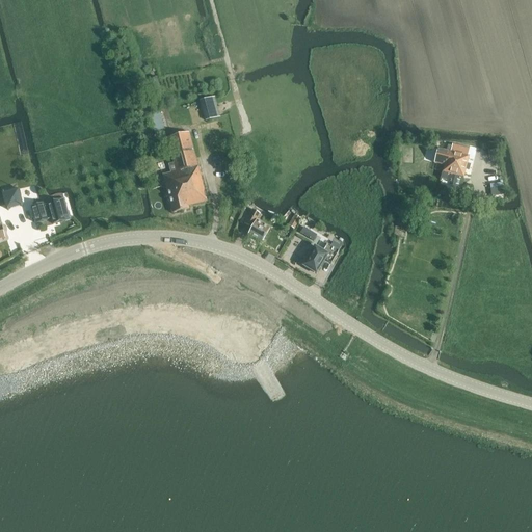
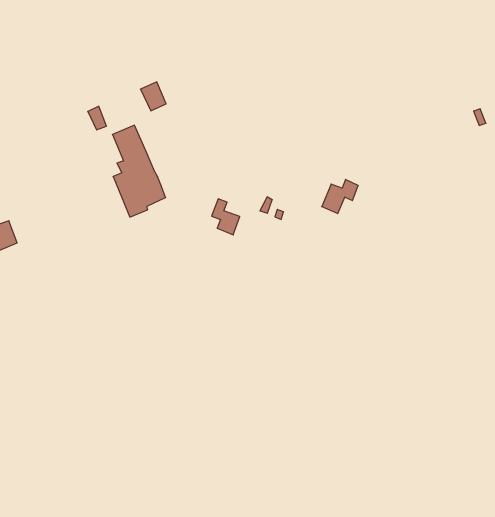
building: [432,142,468,175] -> none
building: [301,242,337,271] -> [322,179,358,213]

